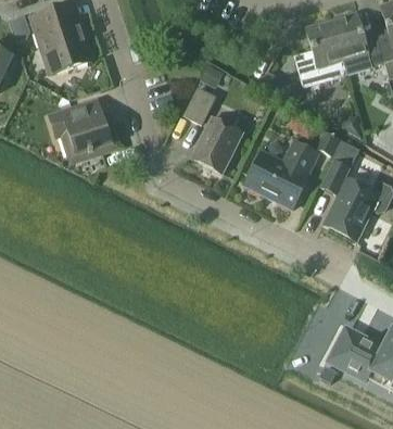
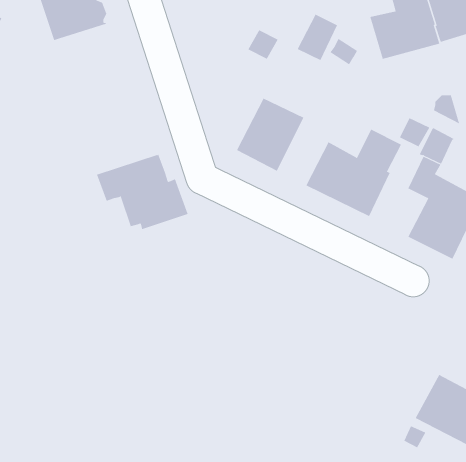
building: [183,87,215,123] -> [297,14,338,61]
building: [49,99,119,157] -> [96,153,188,230]

